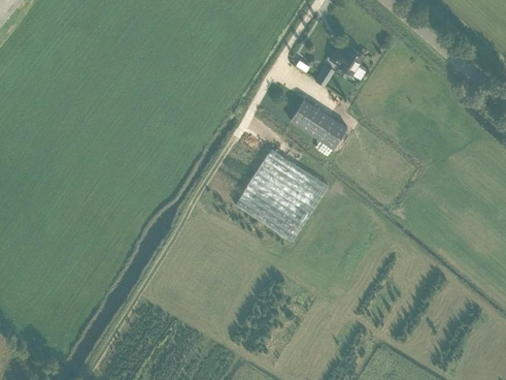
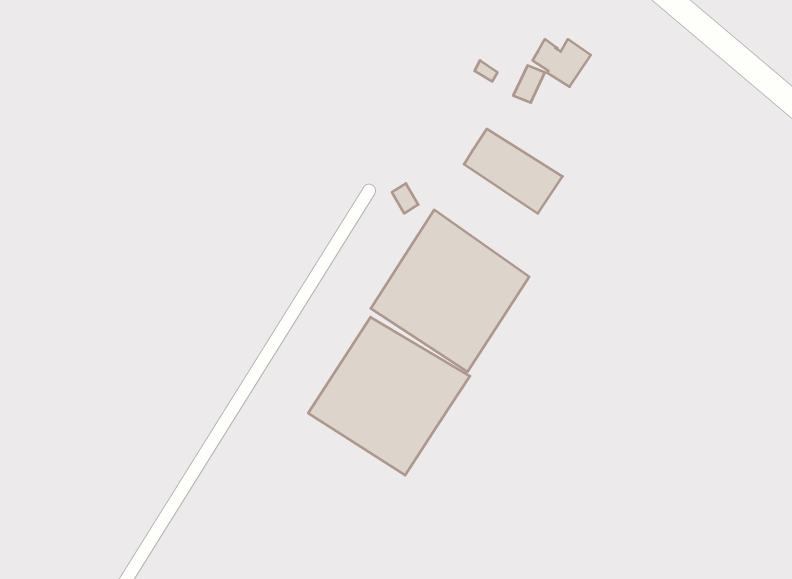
building: none -> [308,317,470,475]

